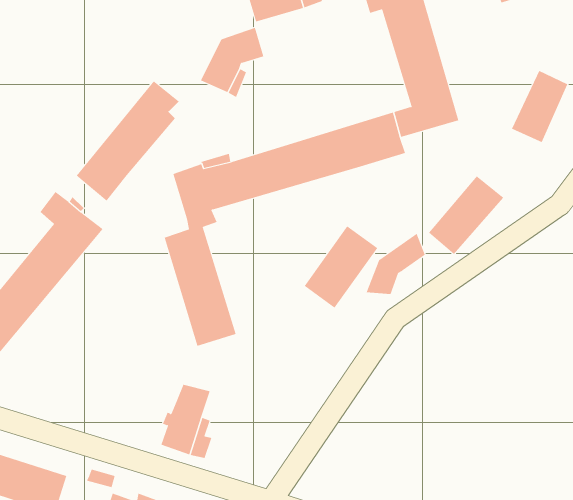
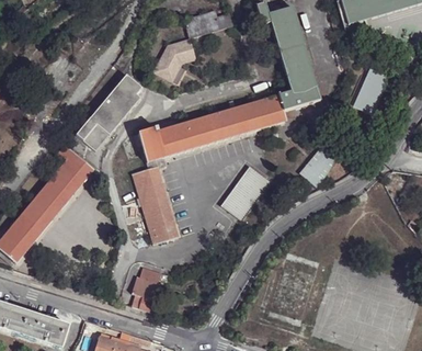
building: [366,233,425,295] -> none

